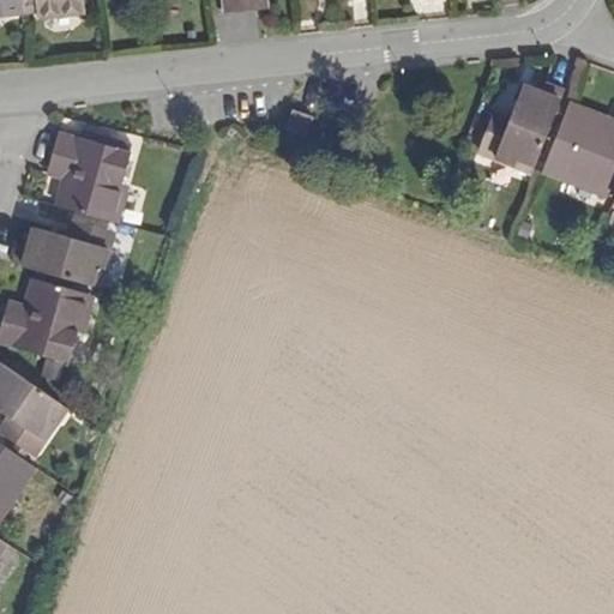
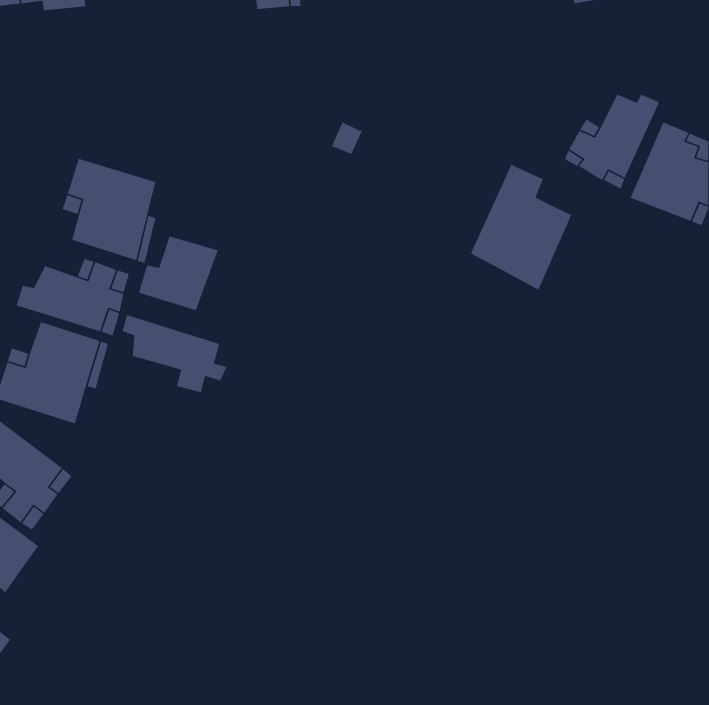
building: none -> [470,164,572,291]
building: none -> [138,236,219,311]
building: none -> [122,314,228,393]

